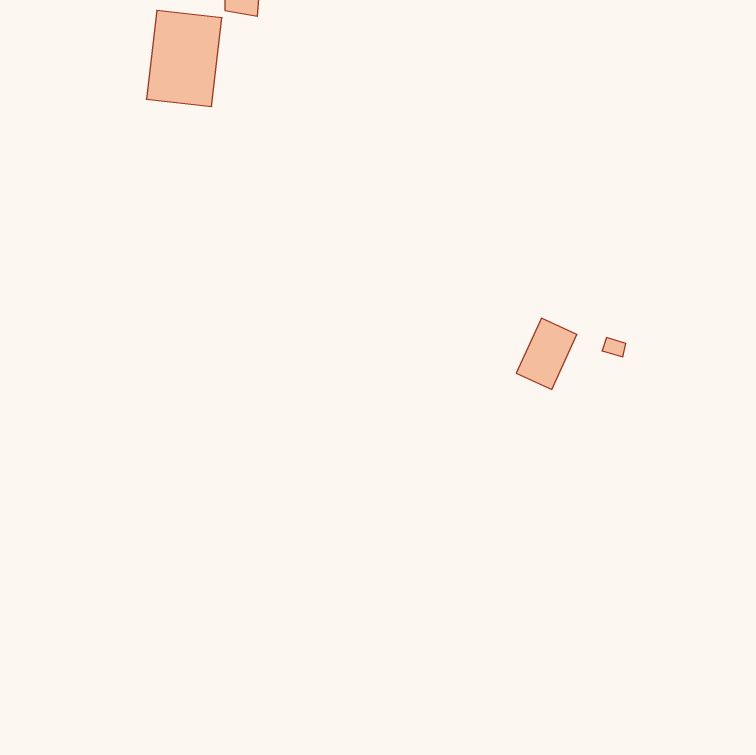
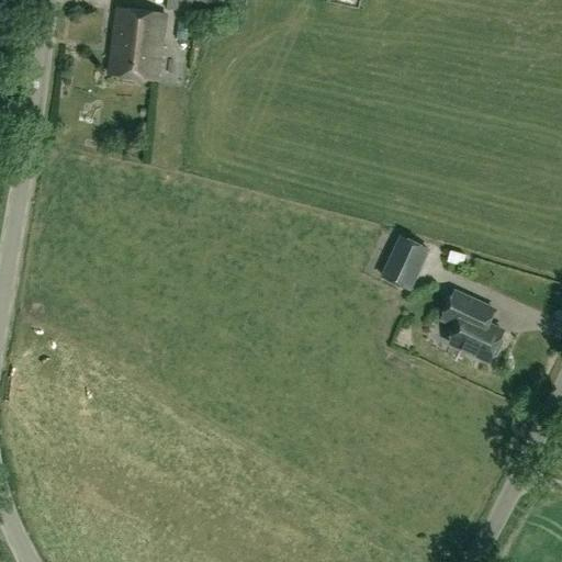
building: none -> [442,291,504,361]

